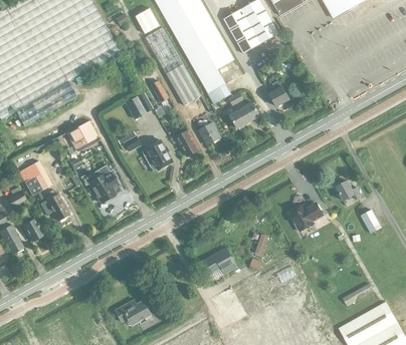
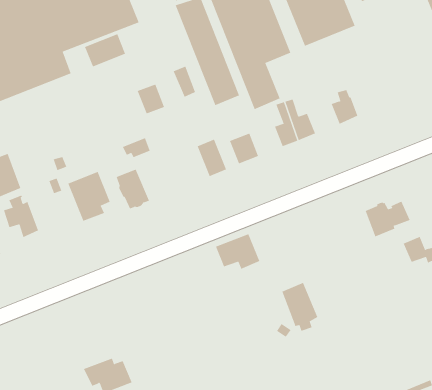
building: [64,119,95,146] -> [84,33,126,67]
building: [145,139,172,169] -> [116,169,150,209]
building: [288,202,323,231] -> [365,201,410,237]
building: [202,248,236,275] -> [215,233,260,270]

